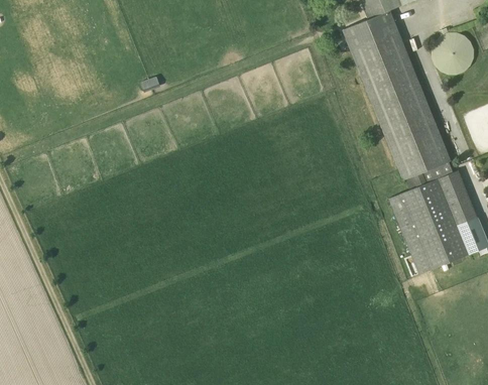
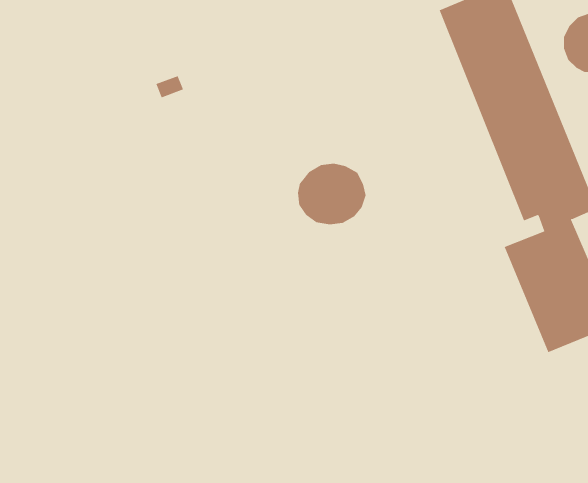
building: none -> [297,163,366,225]

